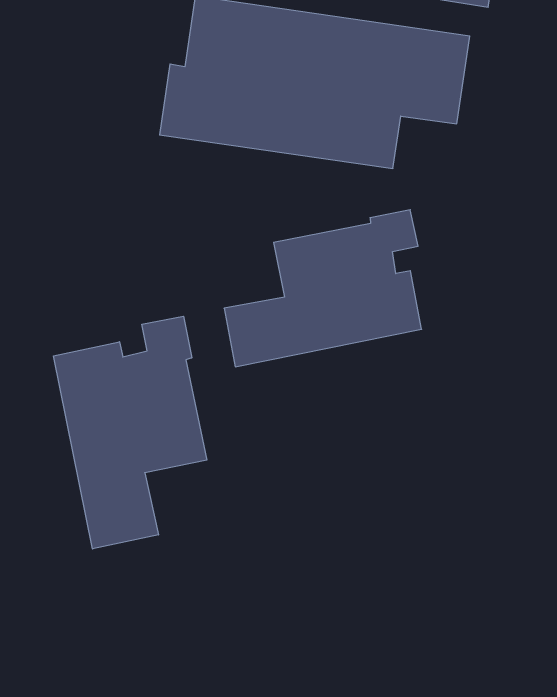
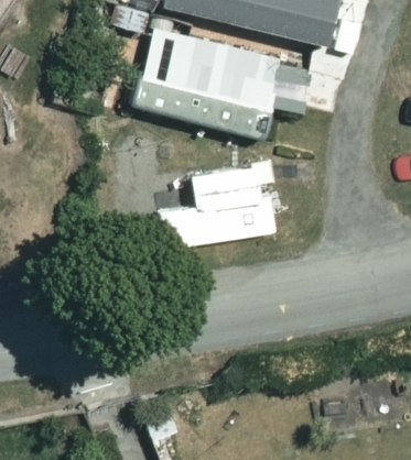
building: [54,316,207,549] -> none

